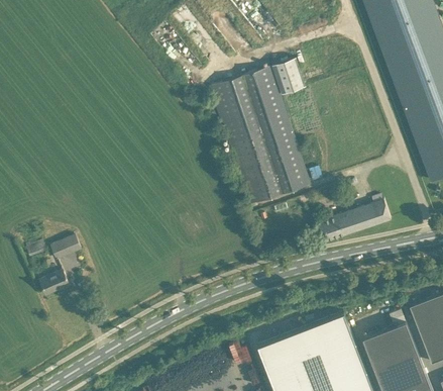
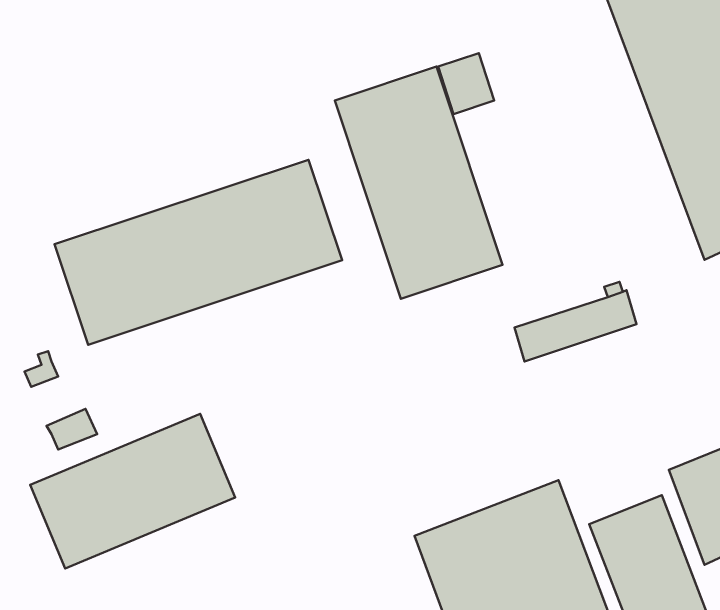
building: none -> [55,160,342,345]
building: [50,236,80,261] -> none
building: none -> [30,414,235,568]

